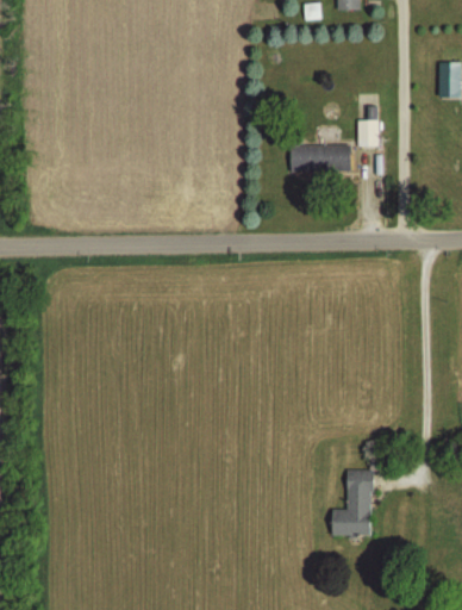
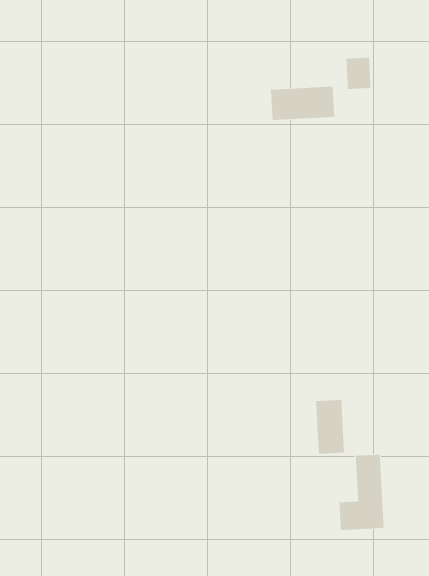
building: none -> [316,399,345,454]

